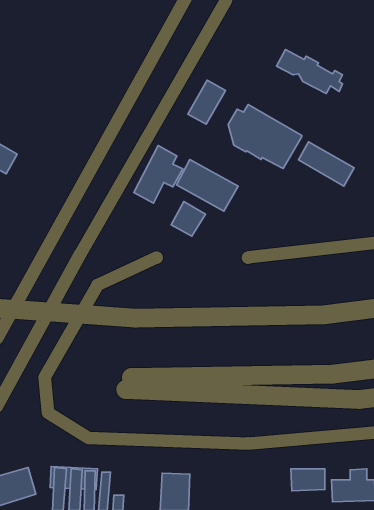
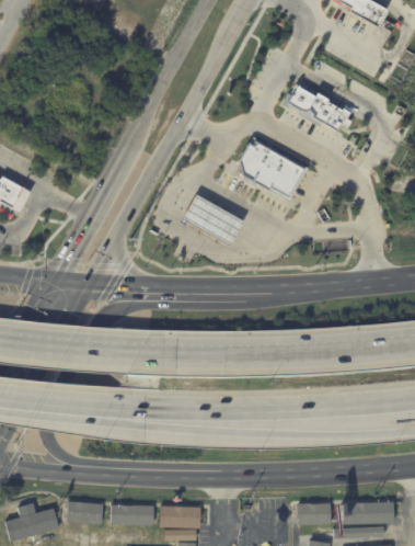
building: [188,80,225,124] -> none
building: [298,142,354,186] -> none
building: [134,145,183,203] -> none
building: [171,201,205,236] -> none
building: none -> [122,503,165,525]

